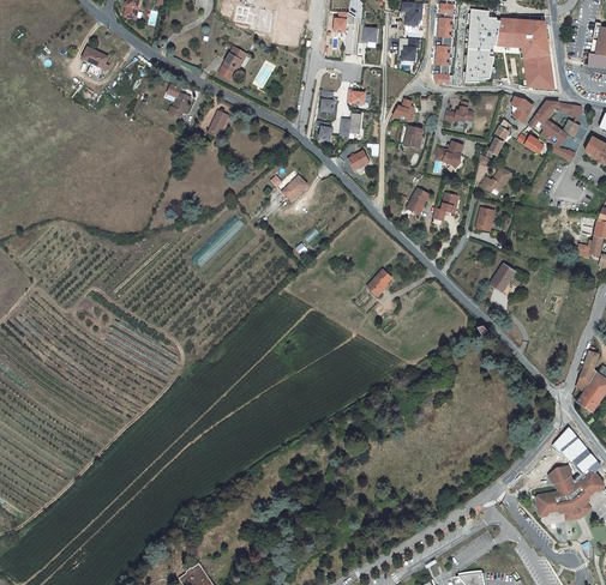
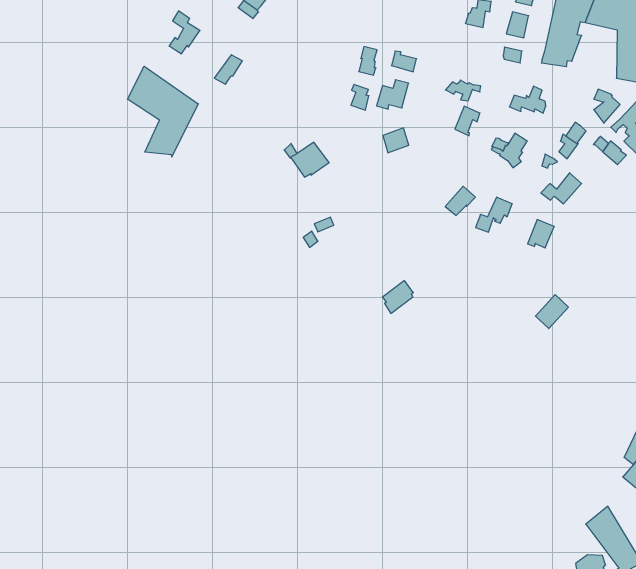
building: none -> [128,66,198,157]

